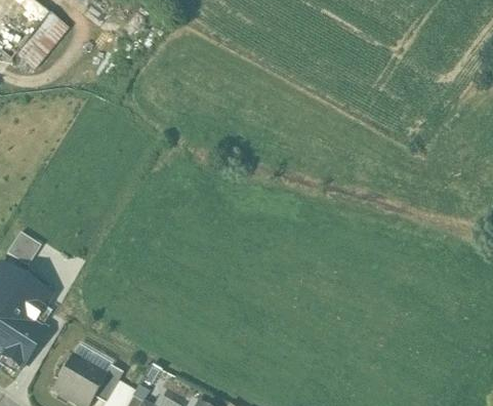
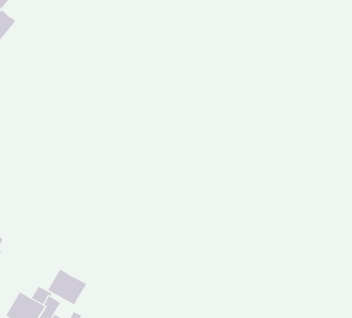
building: none -> [47,268,87,305]

